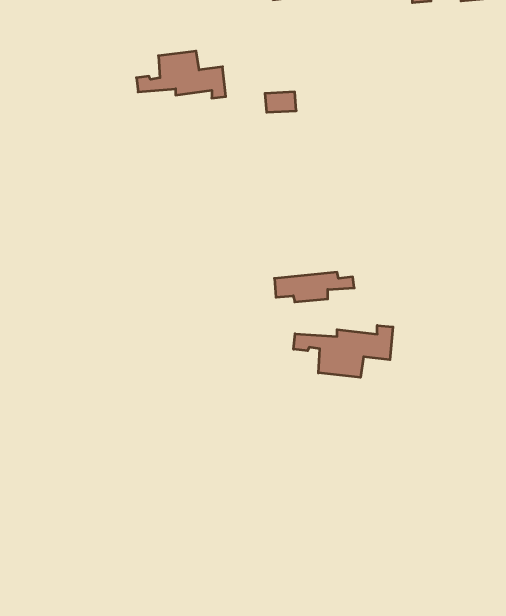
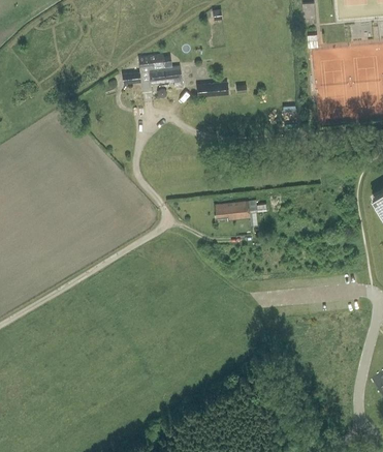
building: [294,325,393,377] -> none

